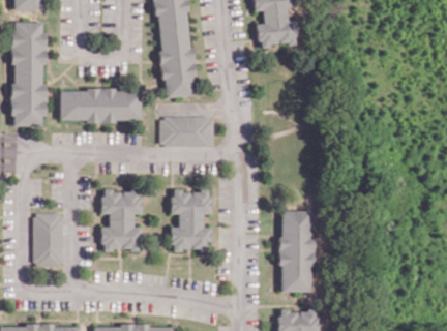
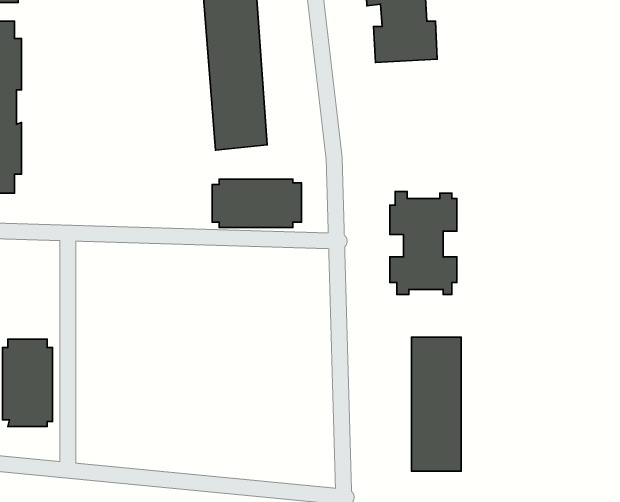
building: [61,87,141,121] -> none
building: [172,187,212,249] -> [390,192,457,295]
building: [102,191,142,251] -> none

